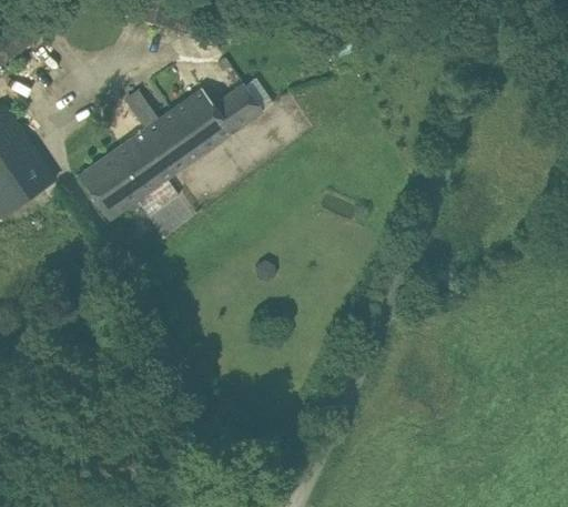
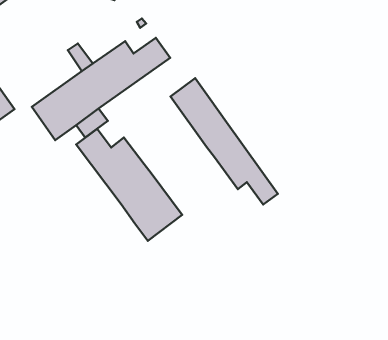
building: none -> [171,78,278,205]
building: none -> [76,129,182,241]

